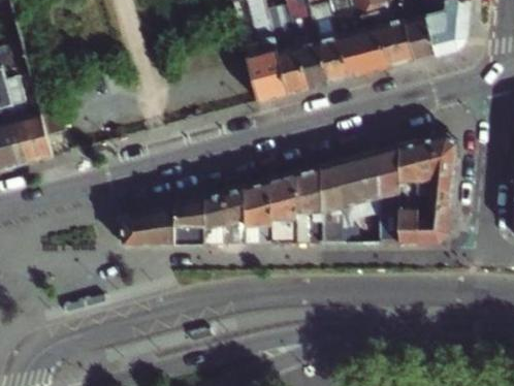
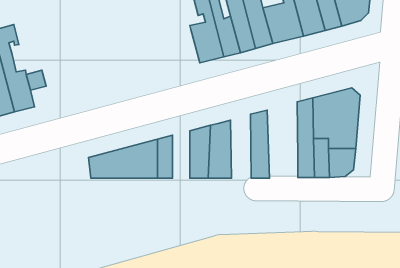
building: [344,149,382,244] -> none
building: [298,164,324,244] -> none
building: [226,185,248,244] -> none

